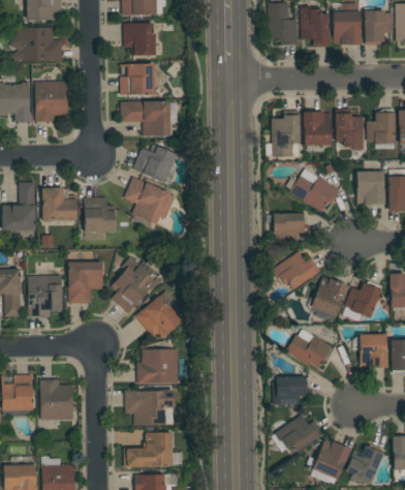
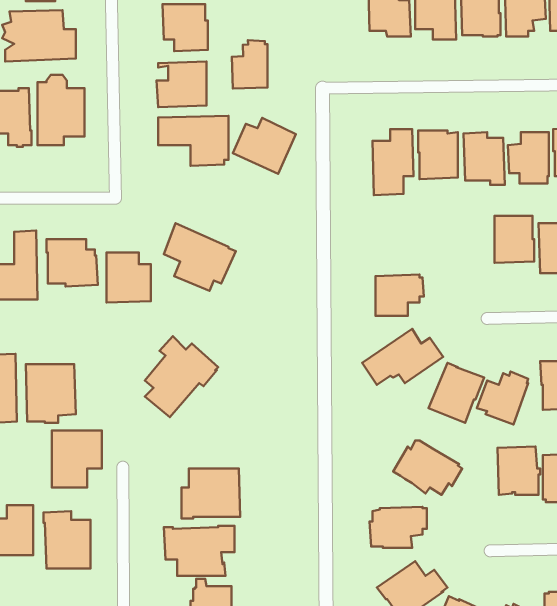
building: none -> [232,40,267,89]
building: [133,144,178,183] -> [233,118,296,174]
building: [290,169,340,213] -> none
building: [68,263,103,303] -> [52,430,102,488]
building: [135,296,183,337] -> none

